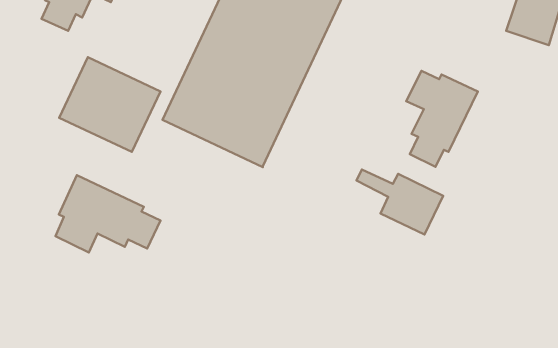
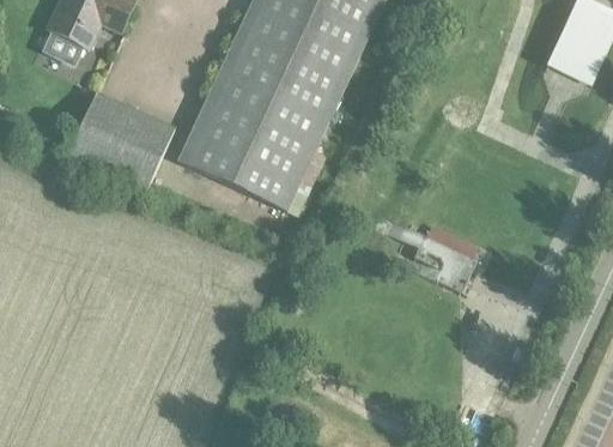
building: [406,71,478,167] -> none
building: [56,175,161,253] -> none

